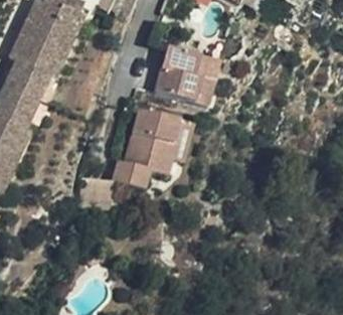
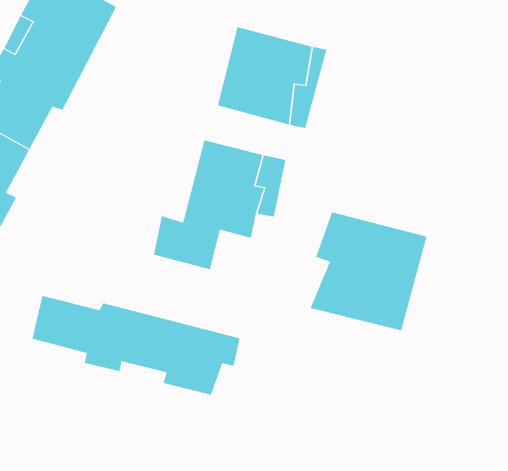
building: none -> [310,212,427,331]
building: none -> [32,295,240,396]

